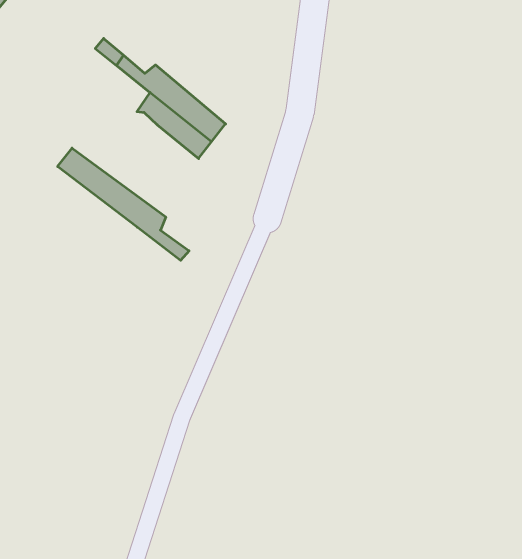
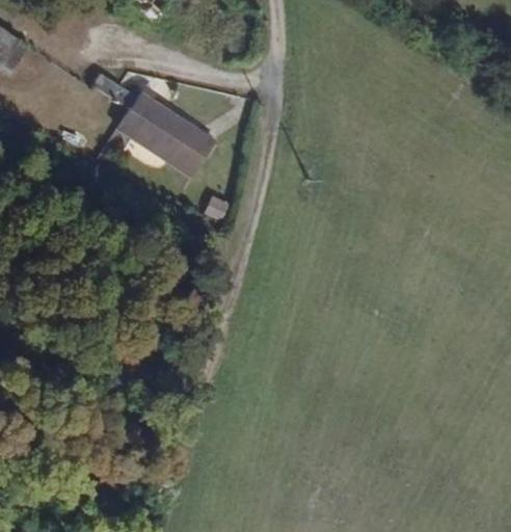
building: [58,148,189,260] -> none

